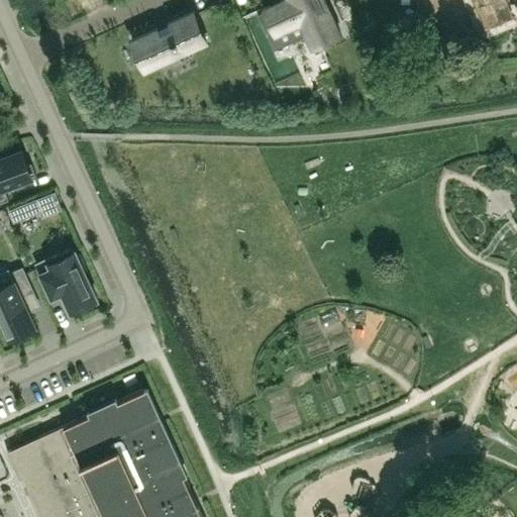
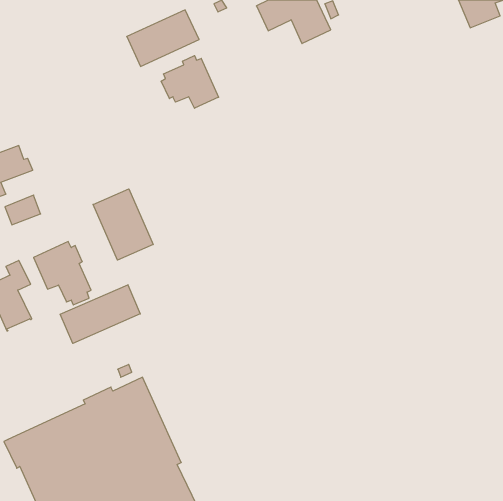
building: none -> [161,56,219,108]
building: none -> [93,189,153,260]
building: none -> [60,285,140,343]

